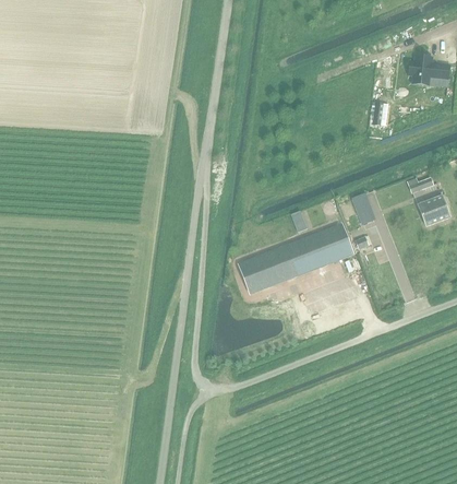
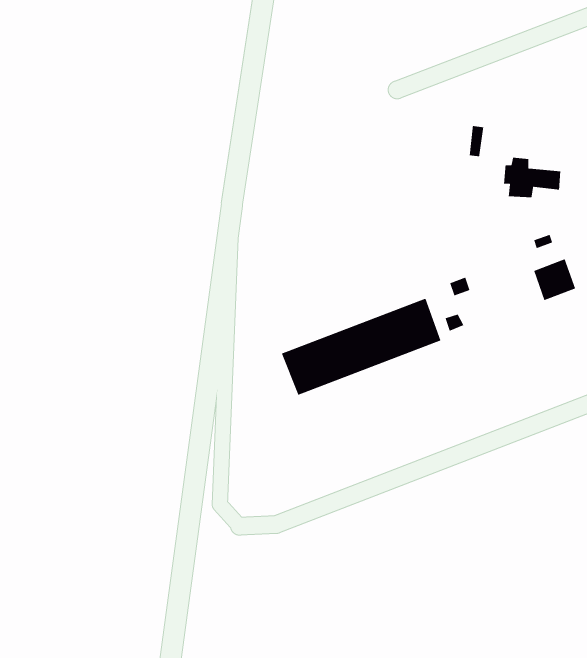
building: [408,54,449,83] -> [503,157,561,198]

